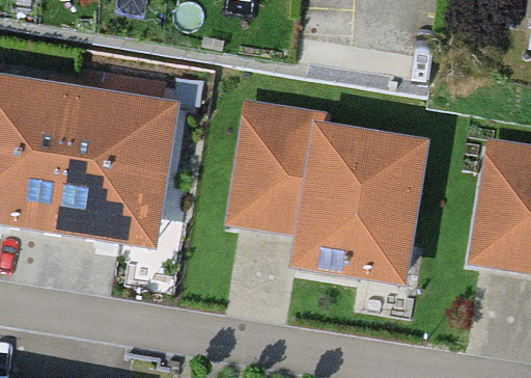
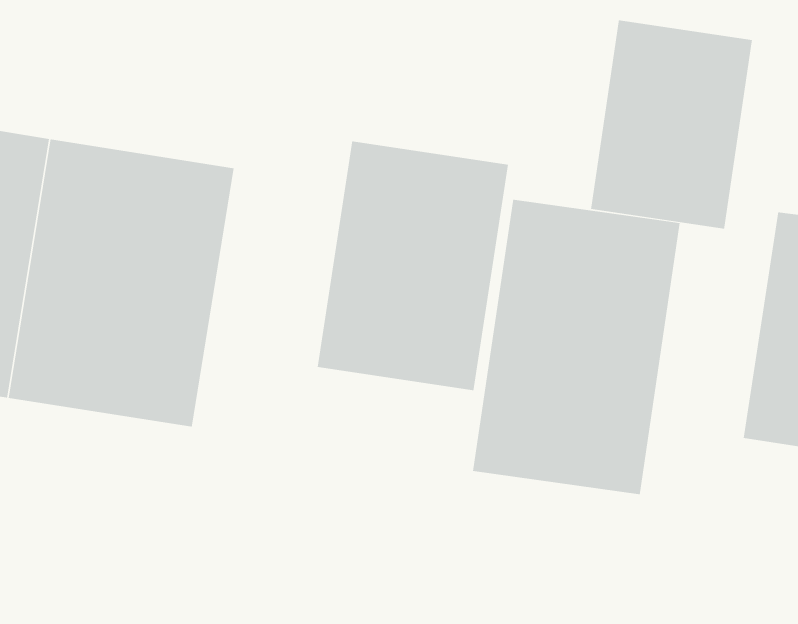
building: none -> [590,20,753,229]

